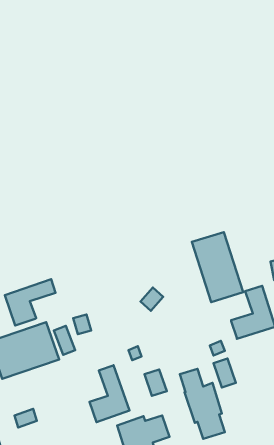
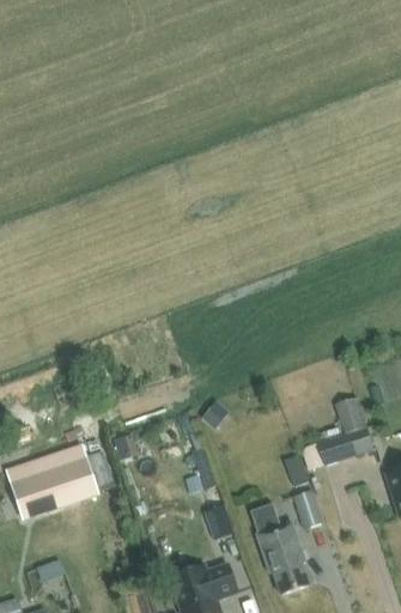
building: [192,232,243,302] -> none
building: [5,279,55,326] -> none
building: [90,365,129,422] -> none

